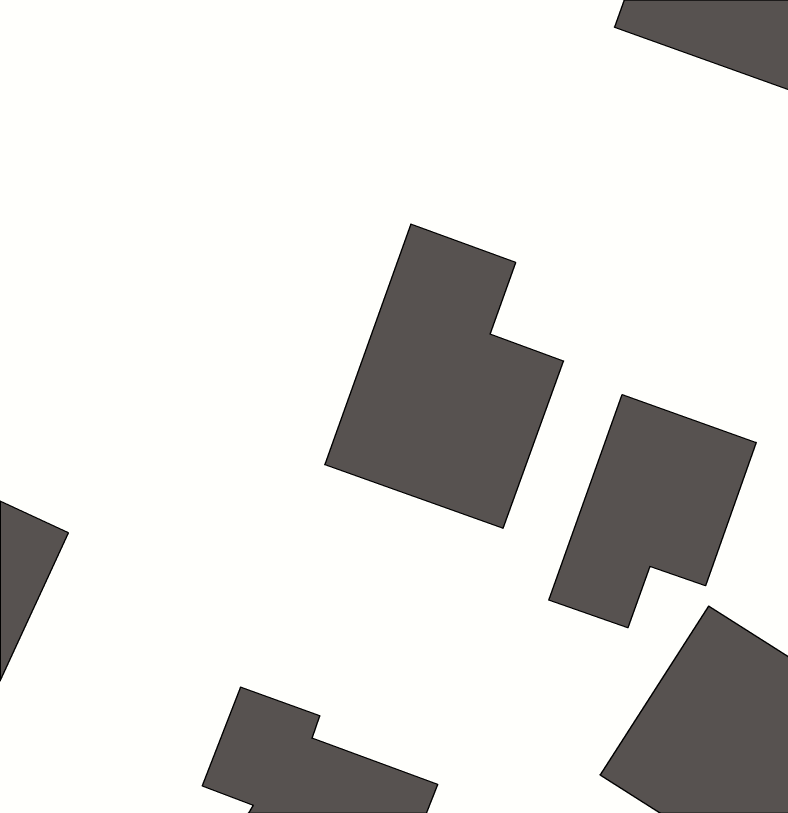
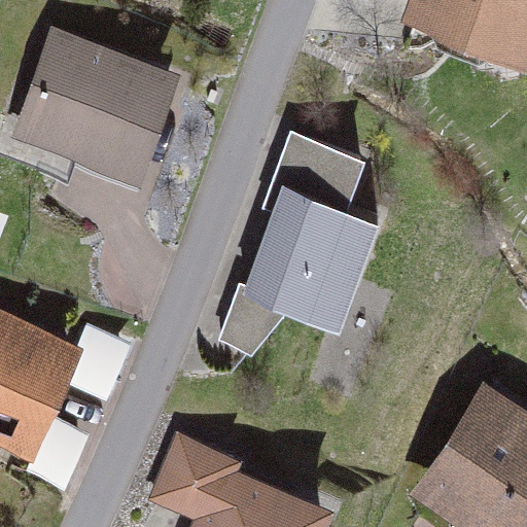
building: none -> [26,27,185,184]
building: [549,395,756,628] -> none

